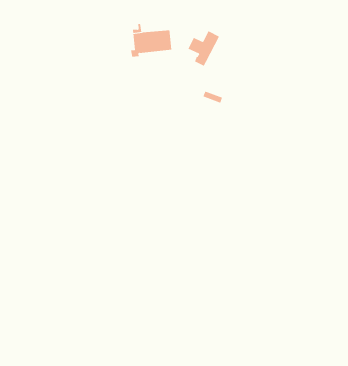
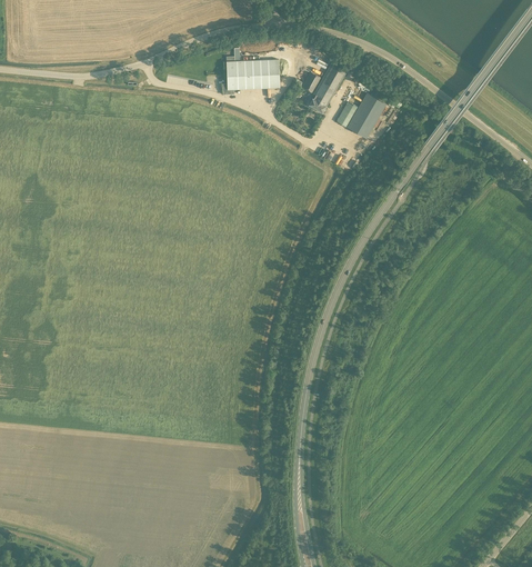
building: none -> [338,92,388,138]

